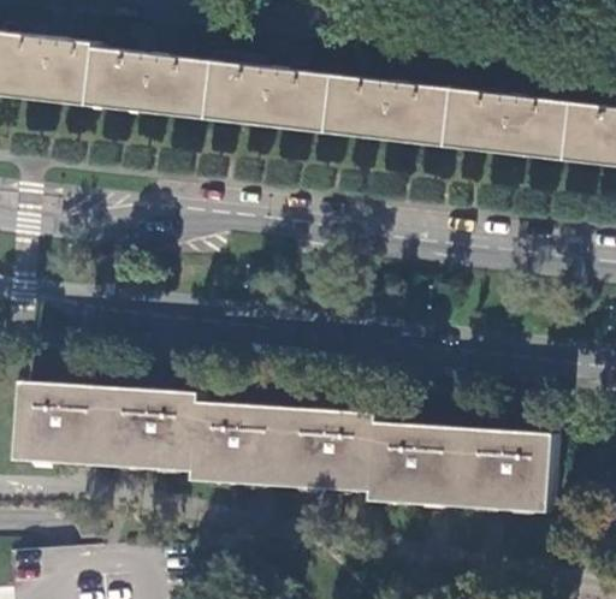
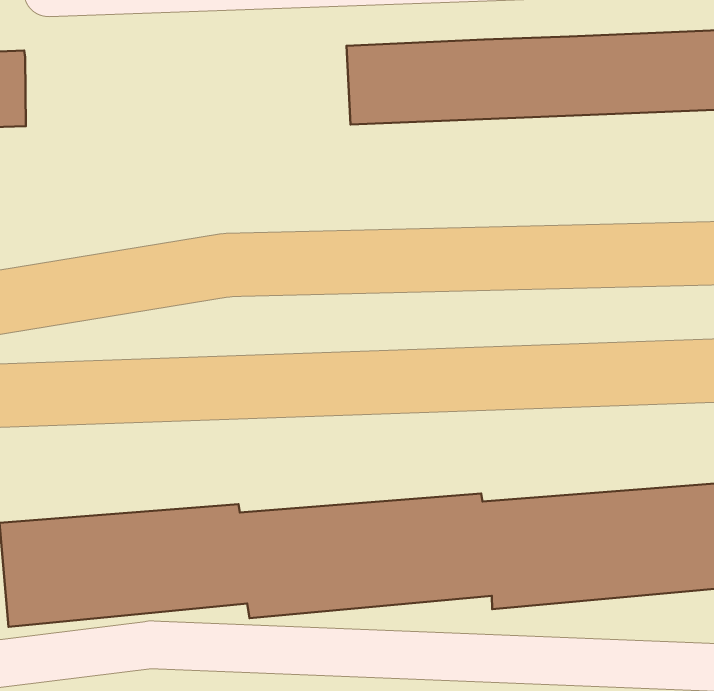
building: [81,47,325,132] -> none

